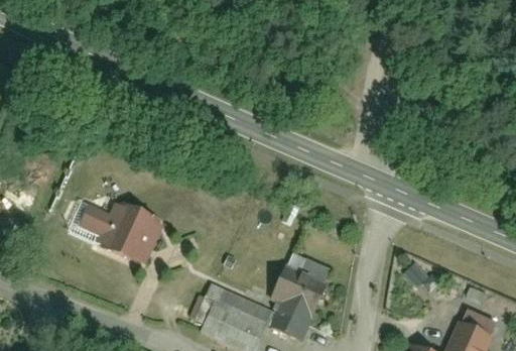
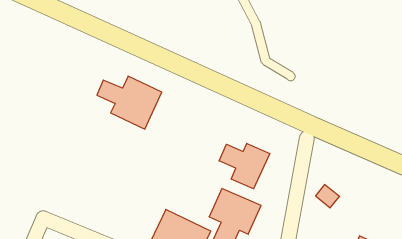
building: [80,201,161,267] -> [97,76,162,129]
building: none -> [219,143,270,189]

